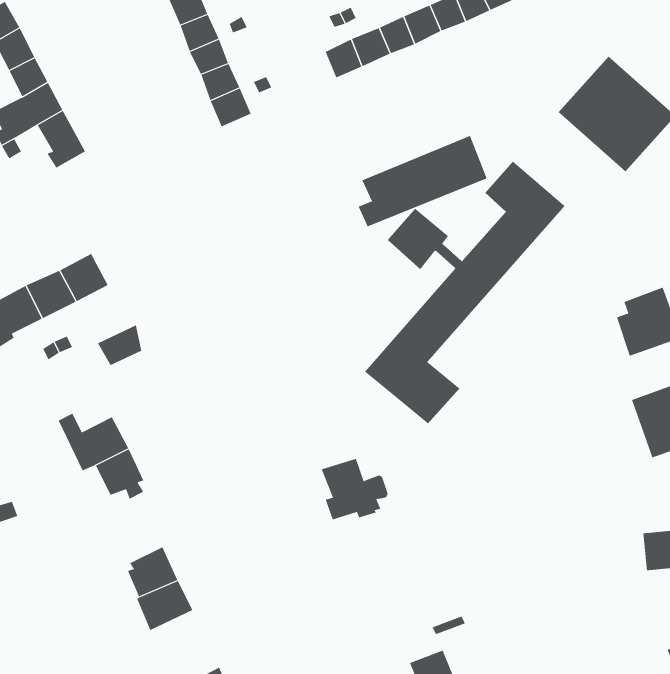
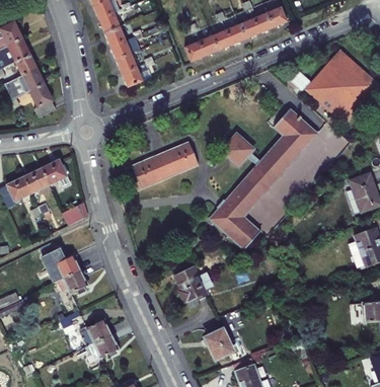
building: [358,135,488,227] -> [133,138,203,187]
building: none -> [203,335,229,365]

